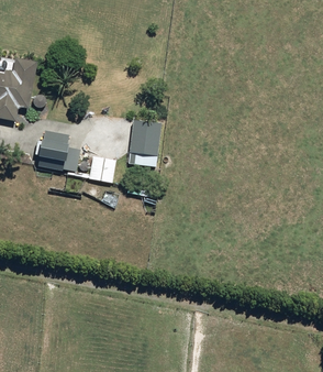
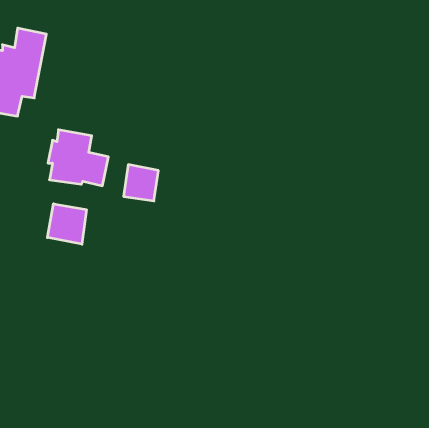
building: [127,119,159,165] -> none
building: none -> [47,204,86,244]

